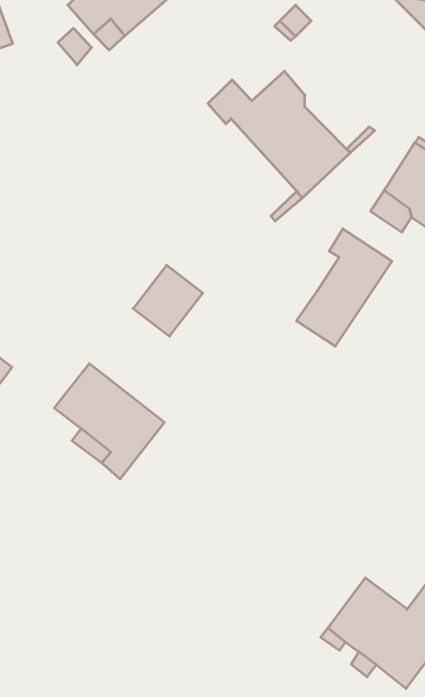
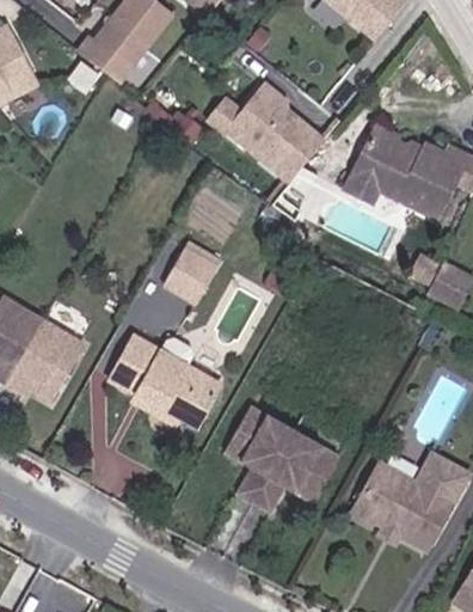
building: [297,229,392,346] -> none
building: none -> [223,408,332,510]

